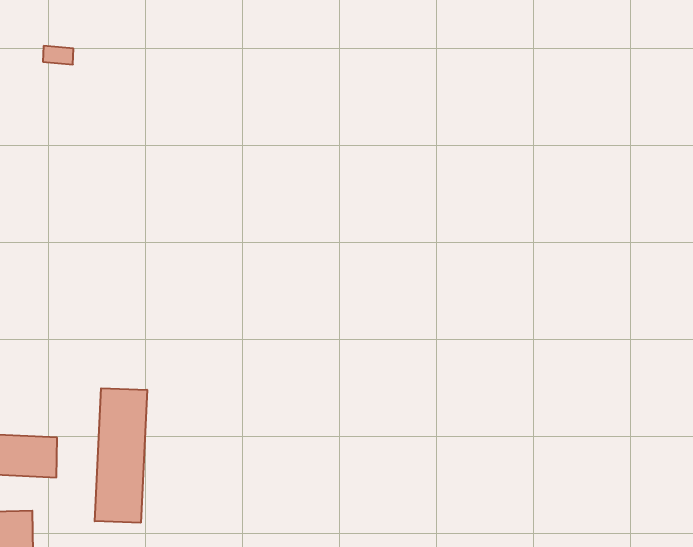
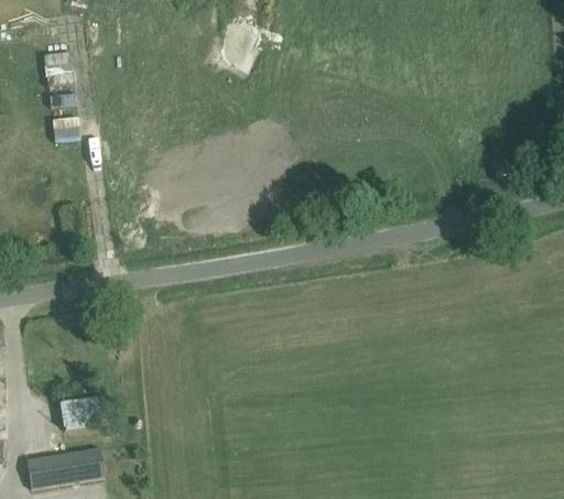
building: [95,388,147,523] -> none

